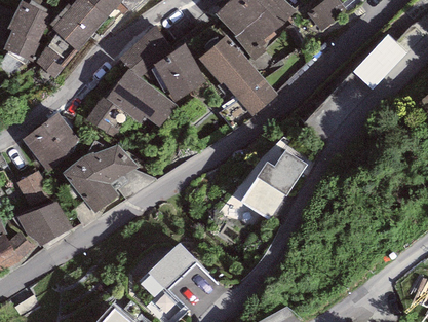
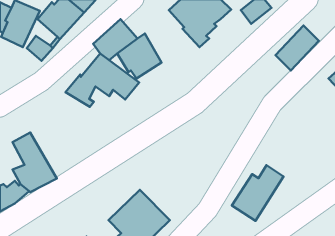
building: [198,35,278,116] -> none
building: [22,113,82,172] -> none
building: [63,141,139,213] -> none
building: [240,149,306,220] -> [232,165,284,221]

